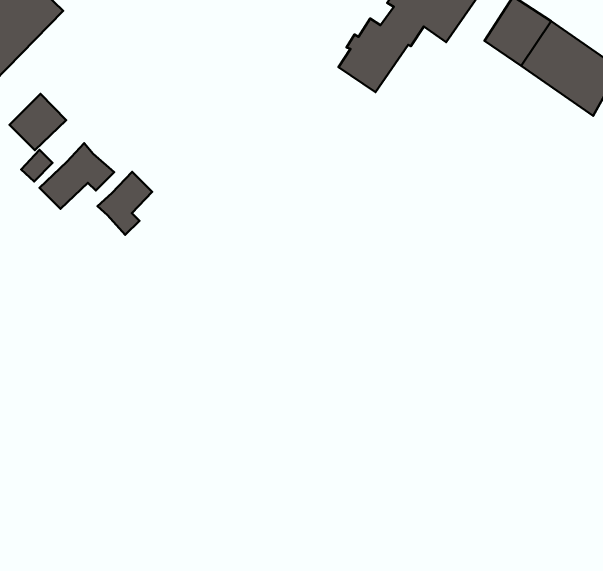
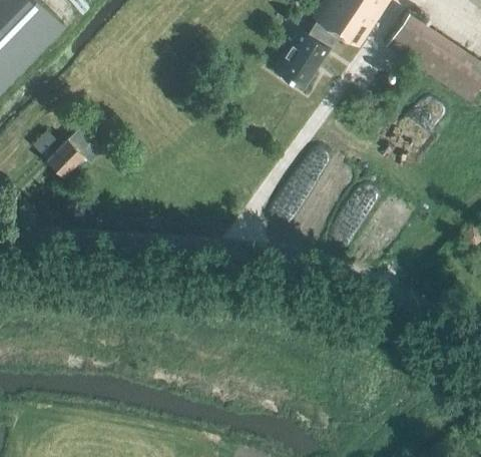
building: [9,94,66,150] -> none
building: [98,172,152,235] -> none

